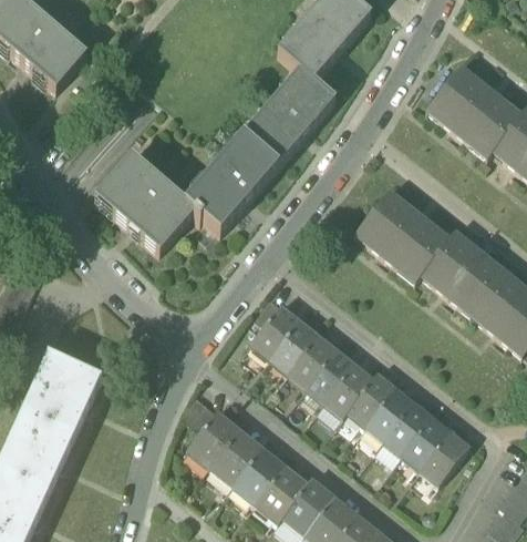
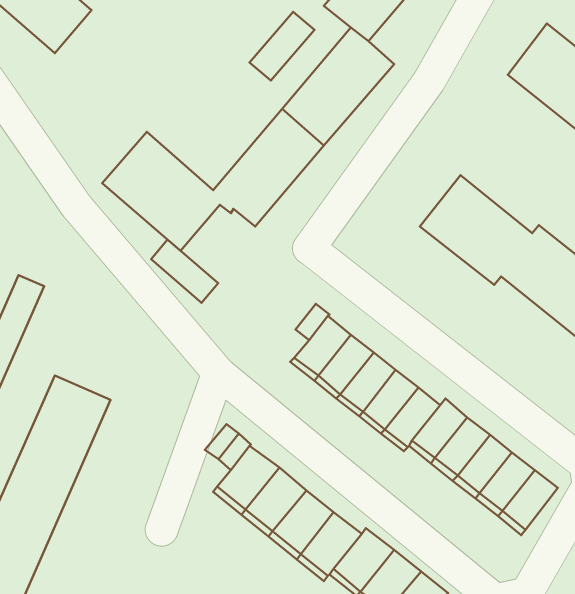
building: none -> [249,12,315,81]
building: none -> [151,240,218,303]

